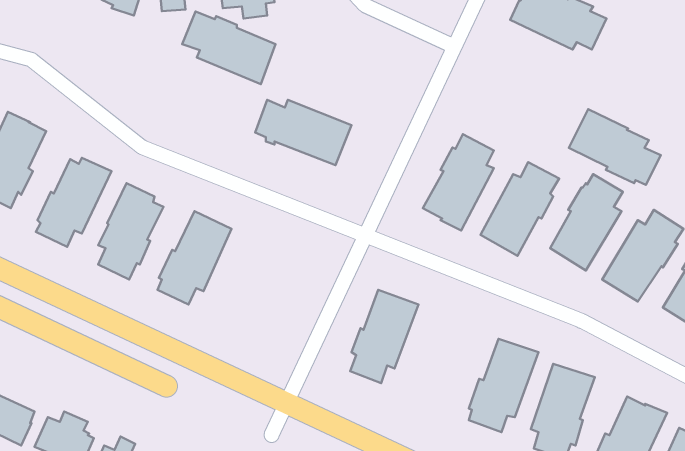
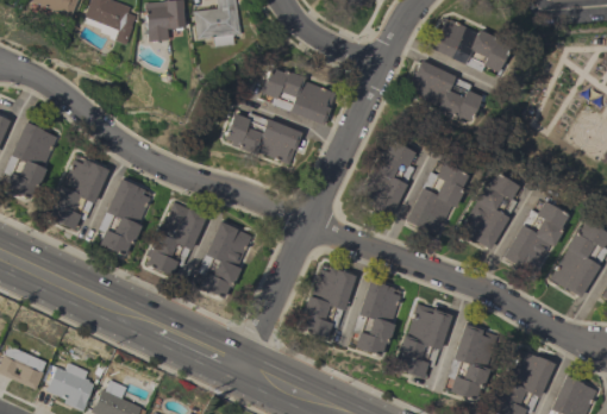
building: [182,12,276,84] -> [262,67,337,125]
building: [569,109,661,185] -> [406,59,480,120]
building: none -> [198,221,252,299]
building: none -> [352,280,401,356]

